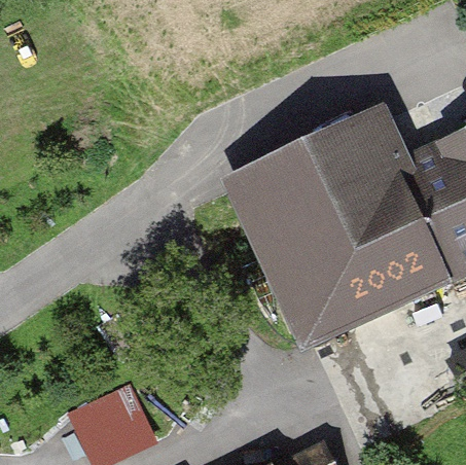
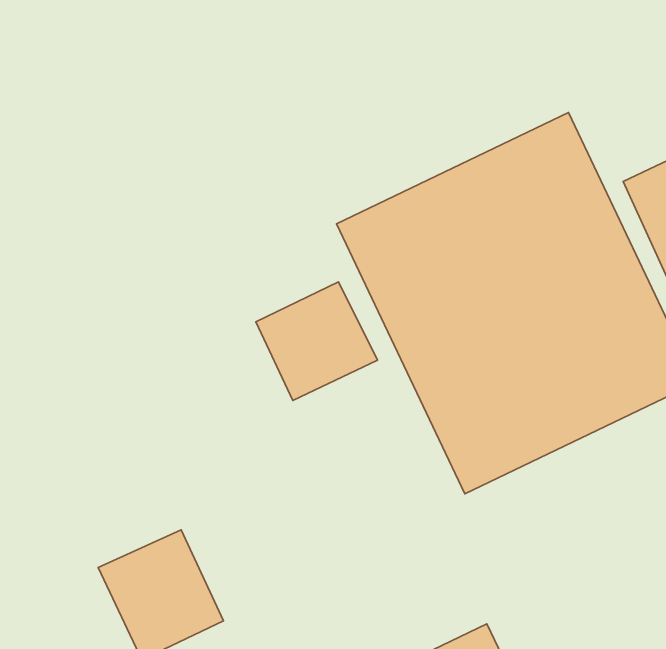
building: none -> [256,282,377,400]

